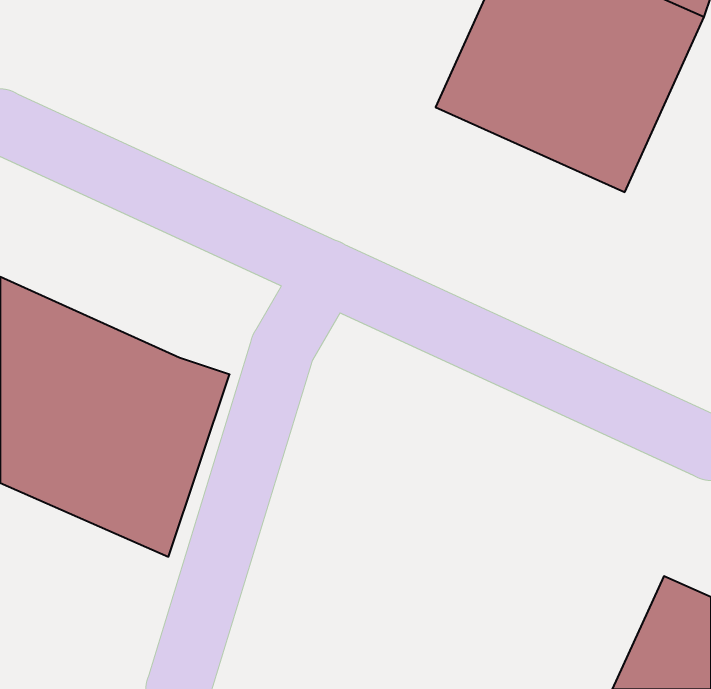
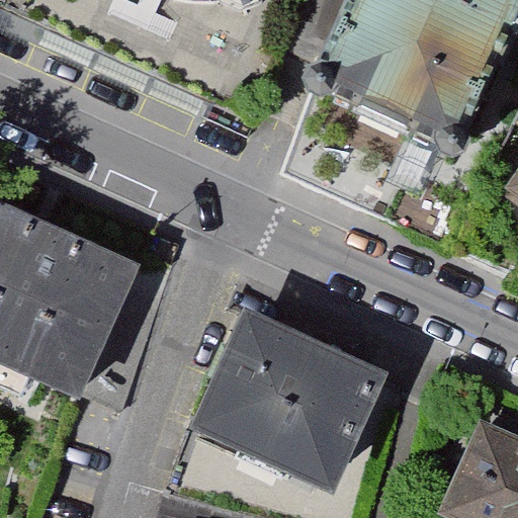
building: none -> [189,310,376,485]

